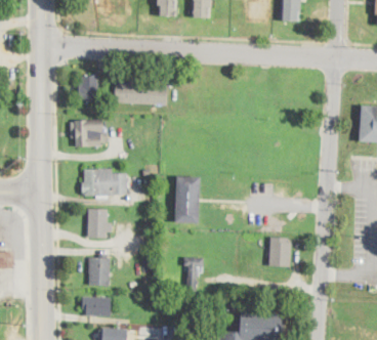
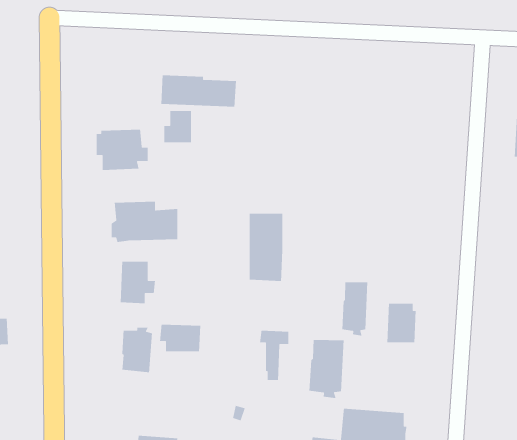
building: [78,77,97,99] -> [163,110,192,143]
building: none -> [342,281,368,336]
building: none -> [309,339,345,399]
building: [82,297,111,316] -> [159,324,201,352]

